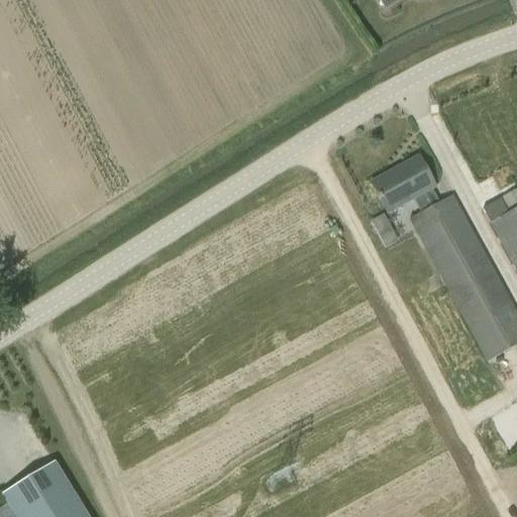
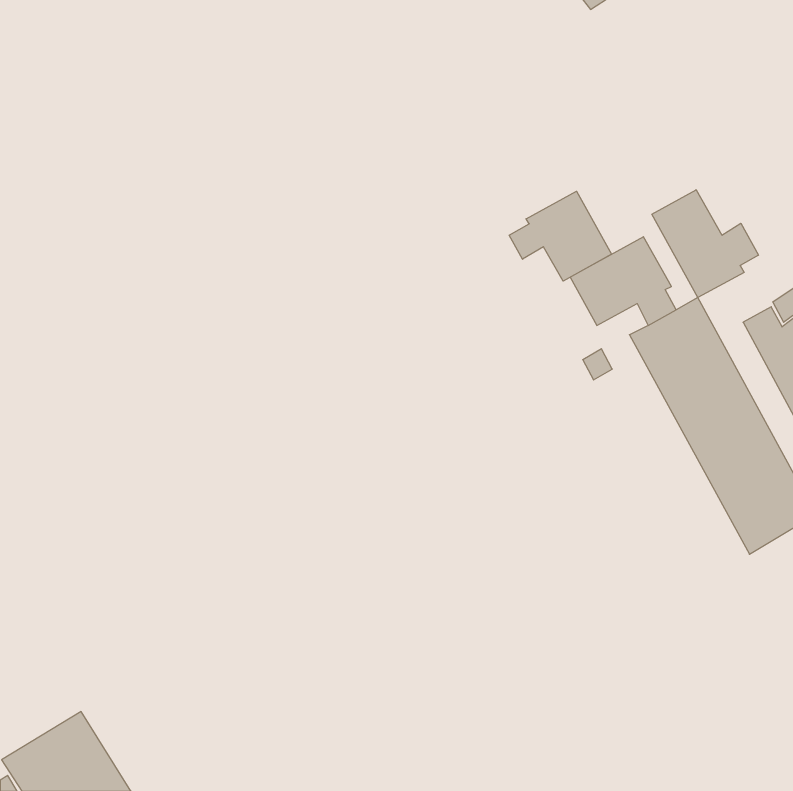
building: none -> [652,190,758,297]
building: none -> [509,191,611,281]

